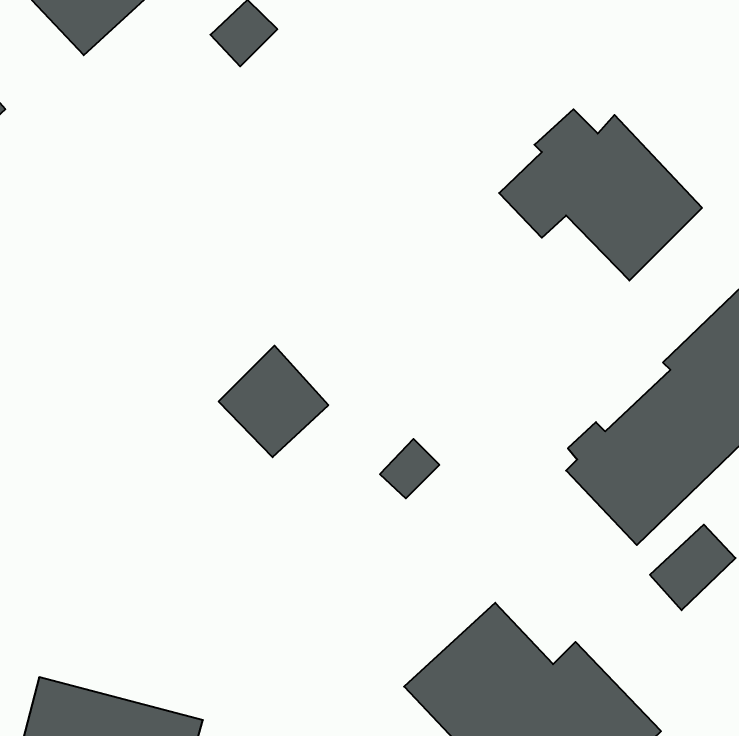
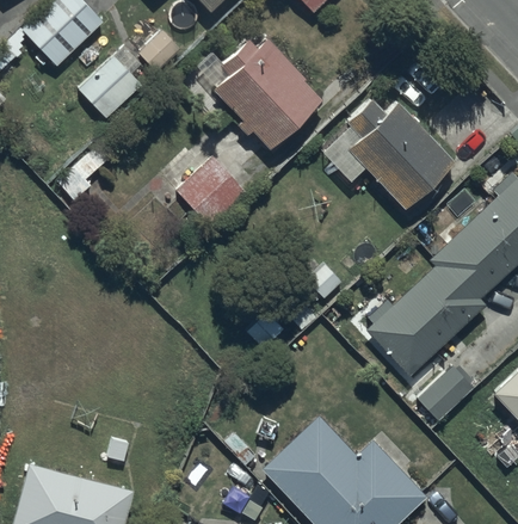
building: none -> [196,38,321,150]
building: none -> [79,56,142,118]
building: [219,346,328,457] -> [177,155,247,227]

